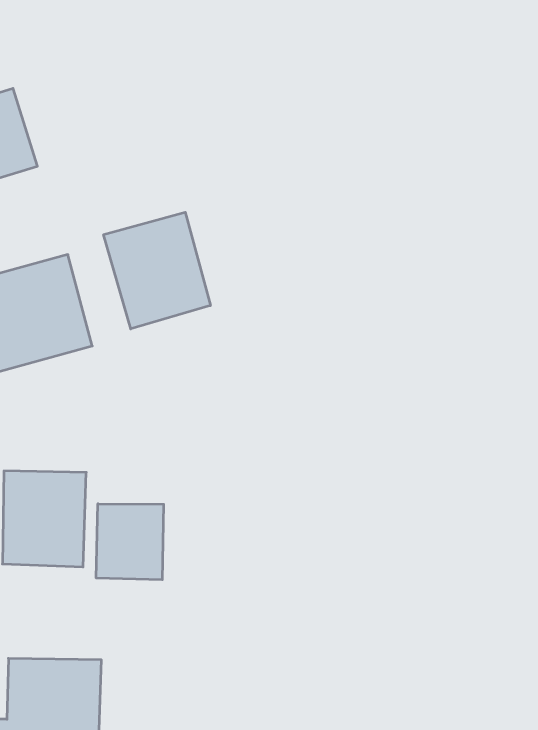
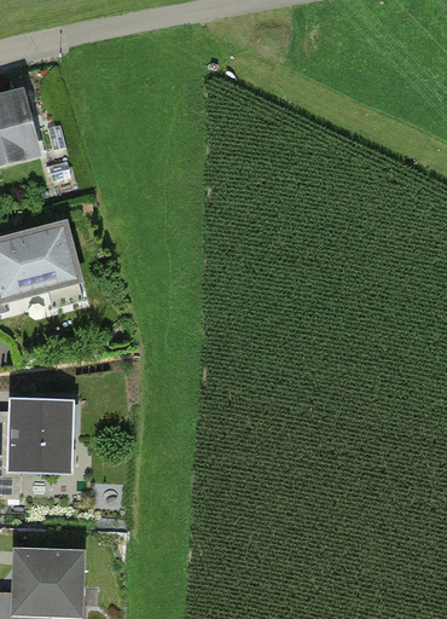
building: [104,212,210,329] -> none
building: [96,504,164,580] -> none

